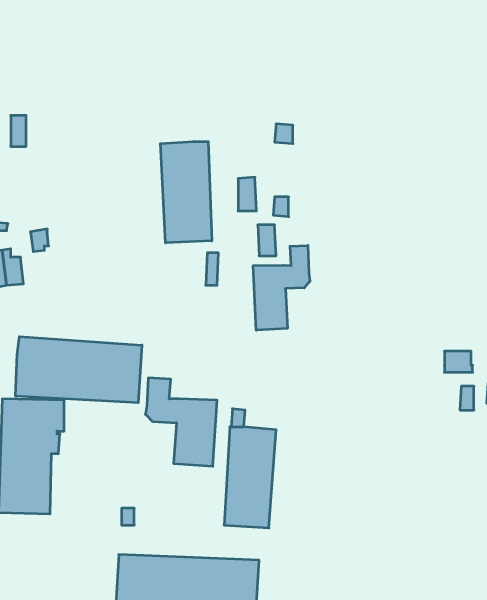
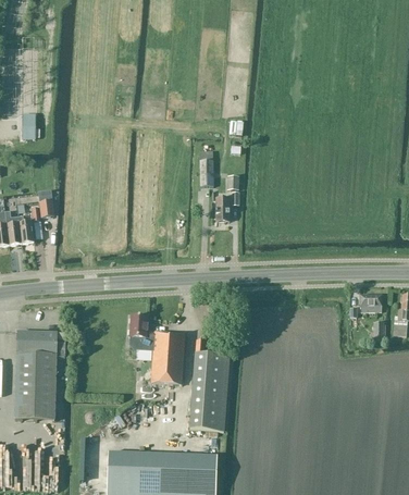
building: [160,141,212,243] -> none
building: [253,245,310,330] -> none
building: [16,337,142,403] -> none

